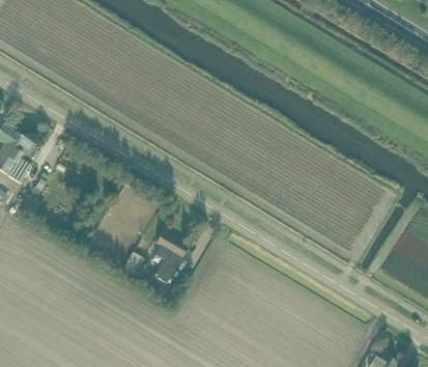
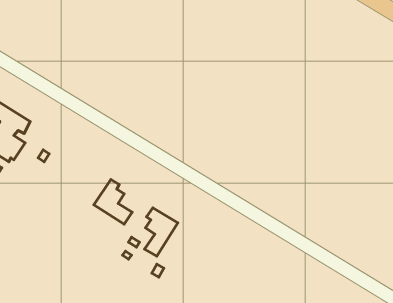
building: none -> [94,180,132,224]

